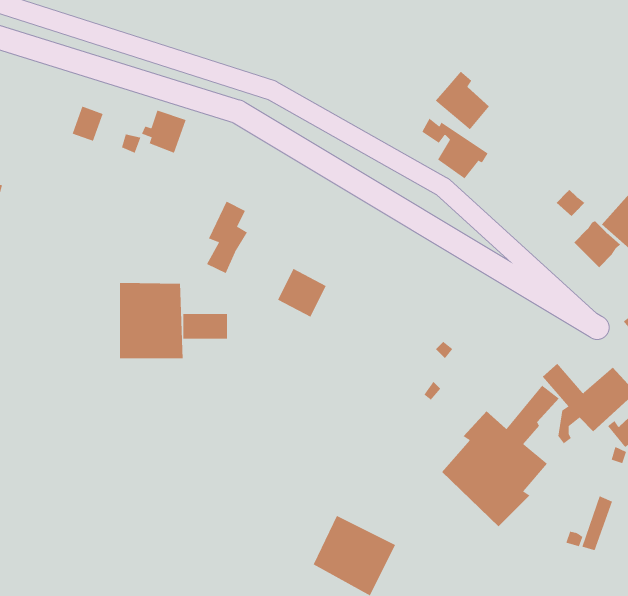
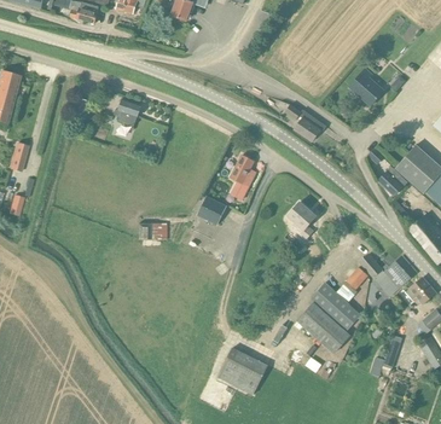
building: [435,71,490,130] -> [349,68,383,104]
building: [206,201,248,274] -> [230,153,255,198]
building: none -> [288,201,317,238]
building: [120,282,183,359] -> none

